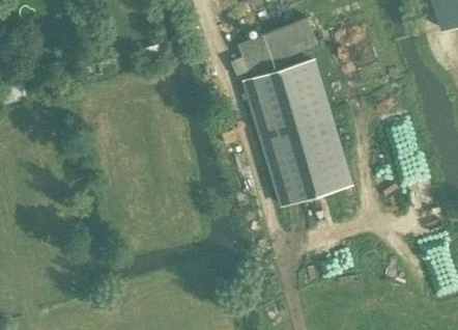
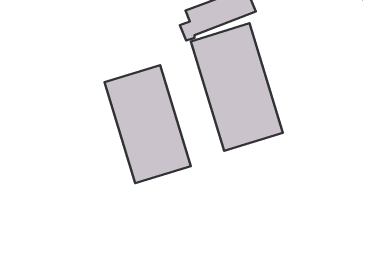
building: none -> [104,65,191,183]

